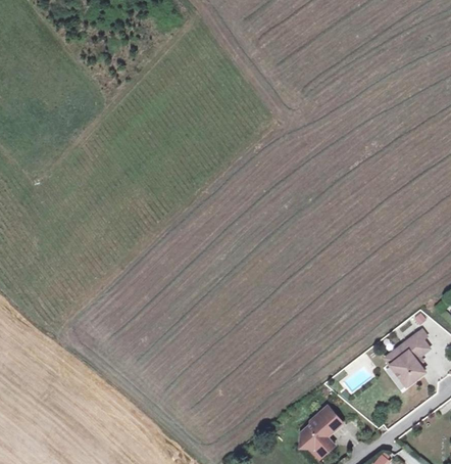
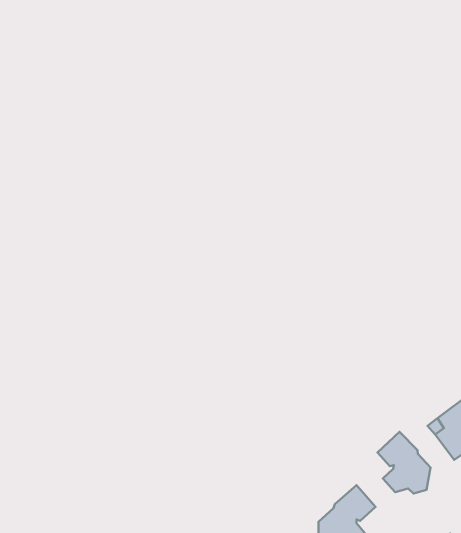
building: none -> [377,432,430,493]

